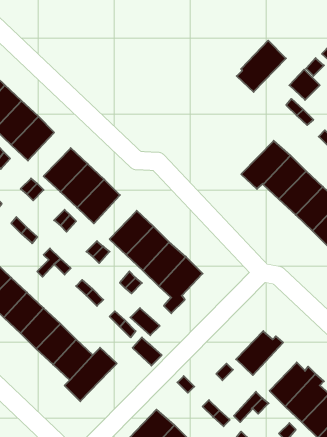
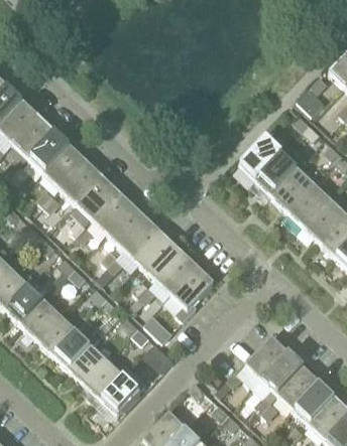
building: [237,41,286,92] -> [236,137,283,186]
building: none -> [46,146,88,188]
building: none -> [110,206,151,249]
building: none -> [263,348,306,395]
building: none -> [97,376,141,420]

